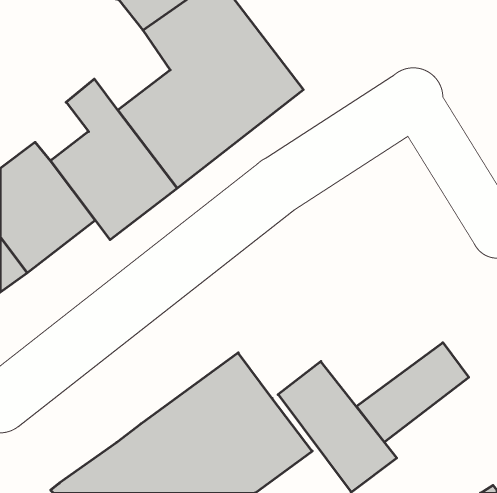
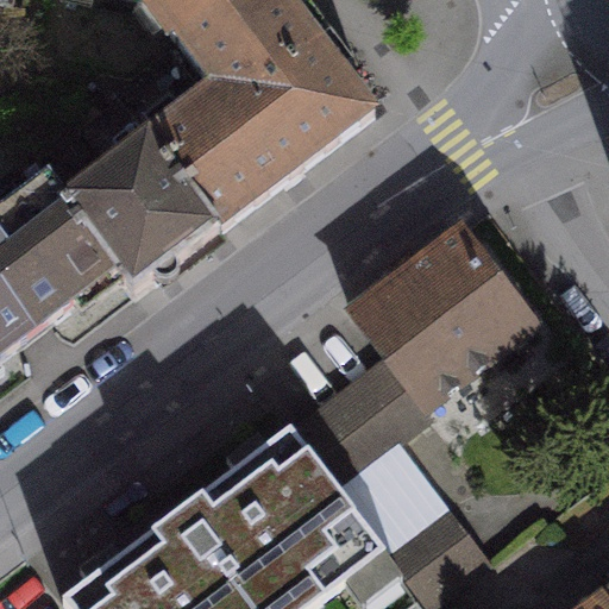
building: none -> [291,226,533,486]
building: [357,343,469,442] -> none

